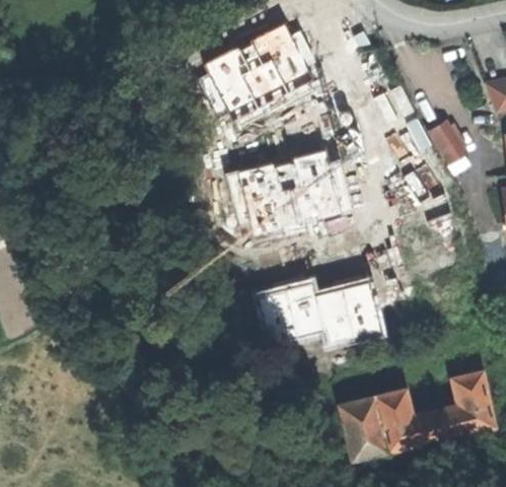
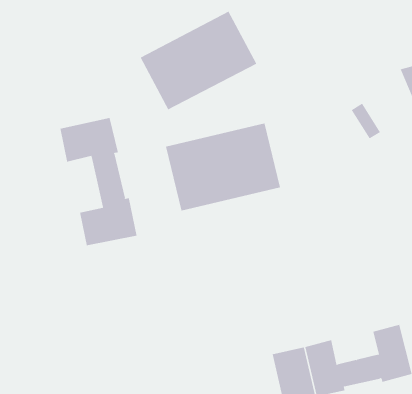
building: none -> [60,117,137,246]
building: [245,274,383,353] -> none

